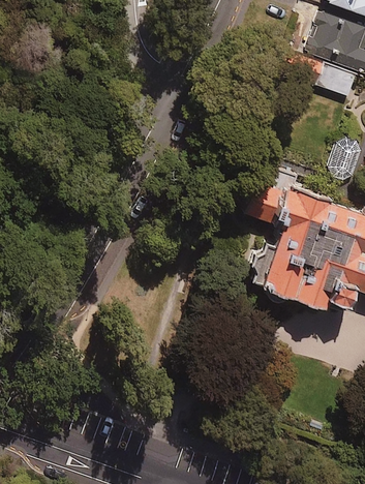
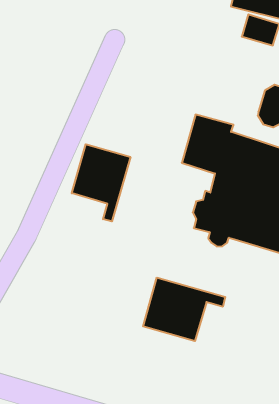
building: none -> [72,144,130,221]
building: none -> [143,278,225,341]

